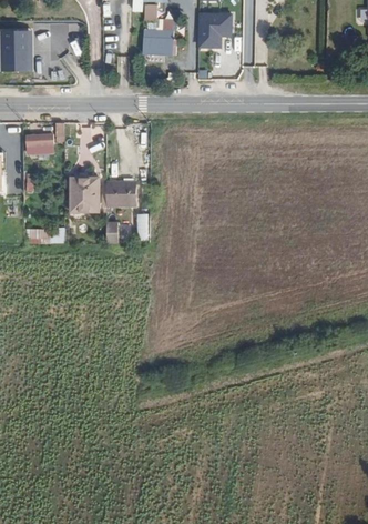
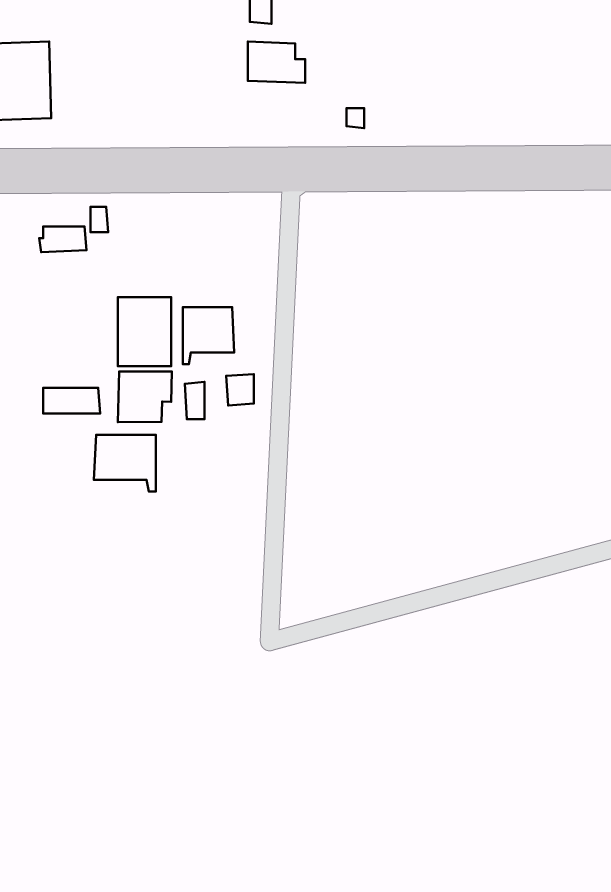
building: [198,12,233,48] -> none
building: none -> [118,371,172,422]
building: none -> [94,435,156,491]

